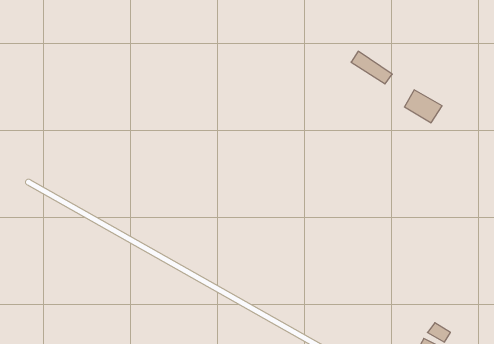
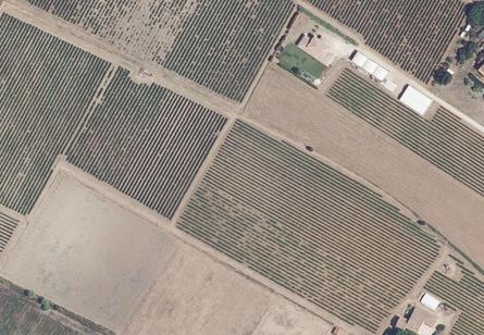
building: none -> [297,32,333,61]

